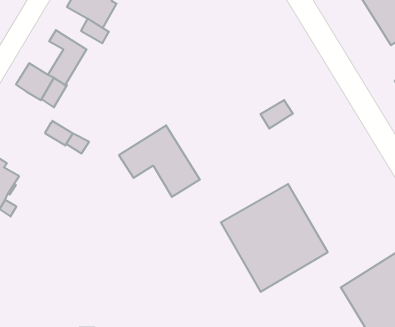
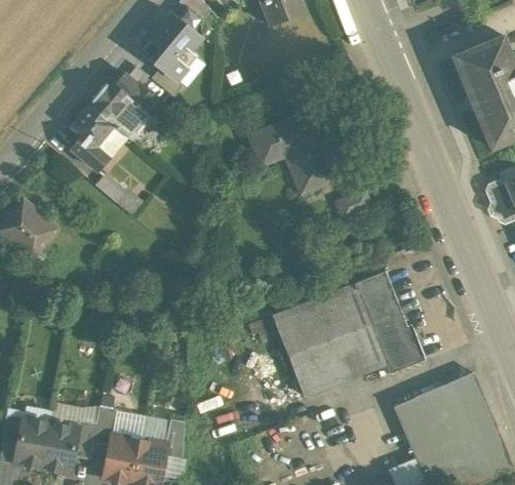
building: none -> [88,79,128,120]
building: none -> [70,134,108,170]
building: [119,125,200,197] -> [249,112,334,192]
building: none -> [353,270,425,372]

